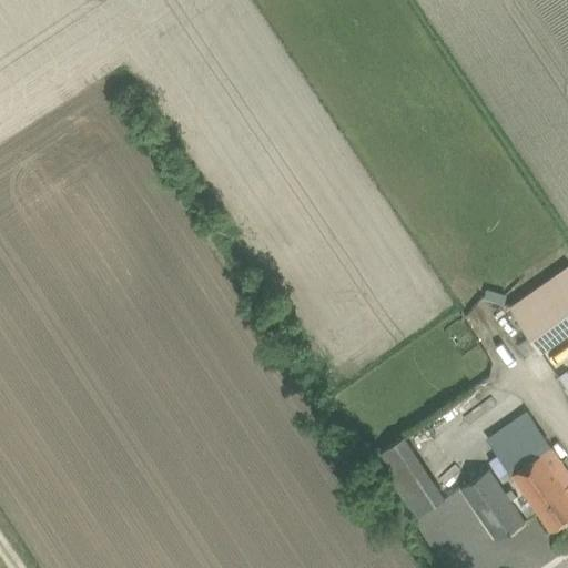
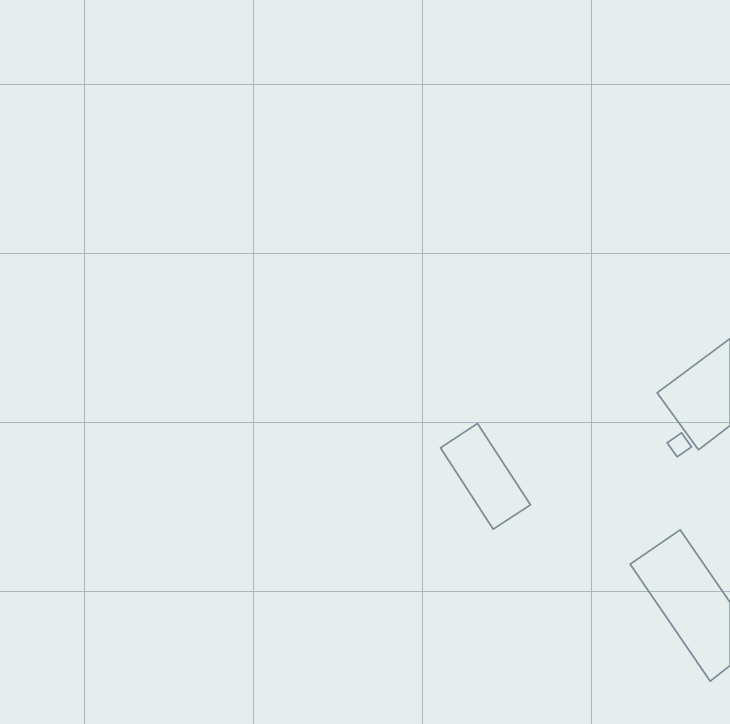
building: [376,438,446,520] -> [440,424,530,529]
building: [463,471,526,544] -> none

